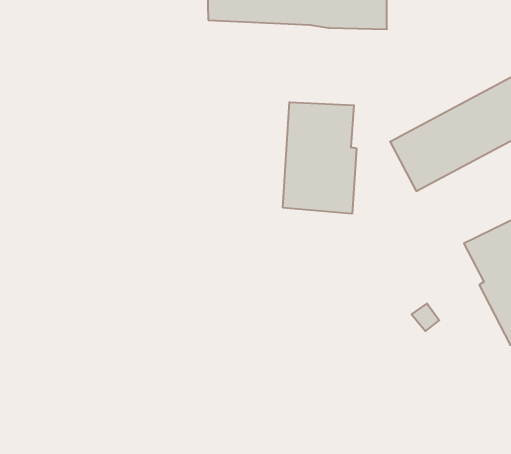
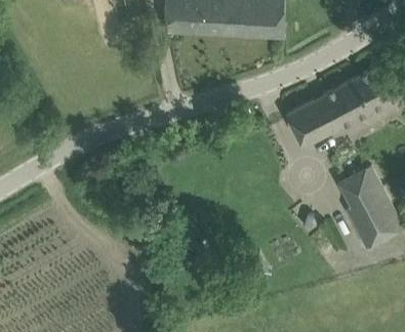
building: [283,102,357,214] -> none

